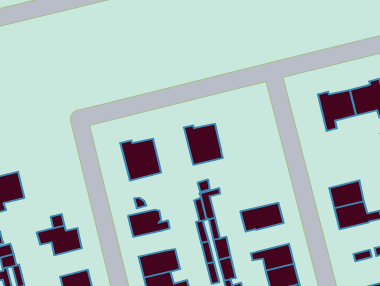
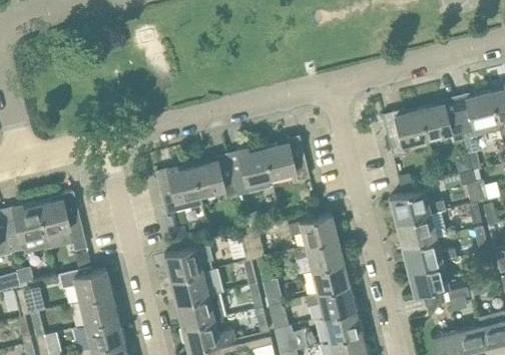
building: none -> [265,136,310,182]
building: none -> [193,153,239,200]
building: none -> [390,191,445,224]
building: none -> [38,192,87,251]
building: none -> [288,215,338,248]
building: none -> [408,263,448,296]
building: none -> [312,264,350,296]
building: none -> [170,273,207,303]
building: none -> [79,293,118,326]

